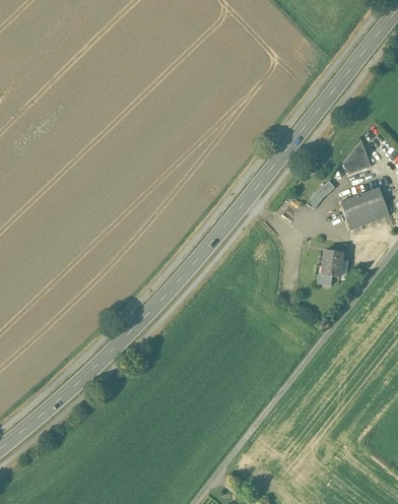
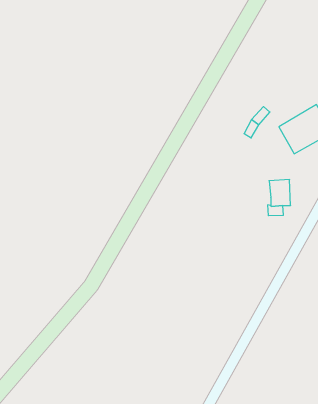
building: [343,139,372,175] -> none

